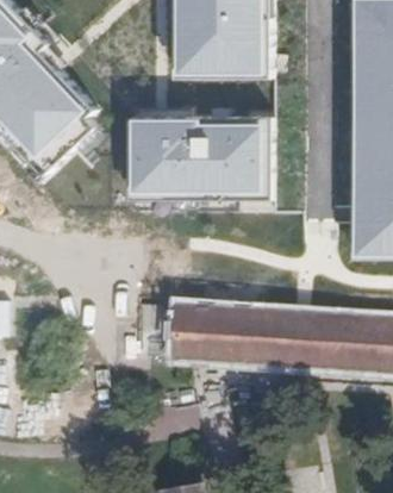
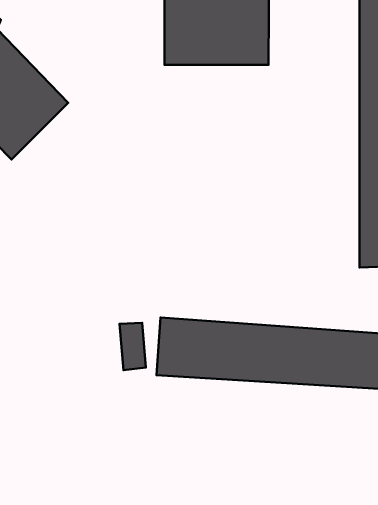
building: [130,117,268,198] -> none

